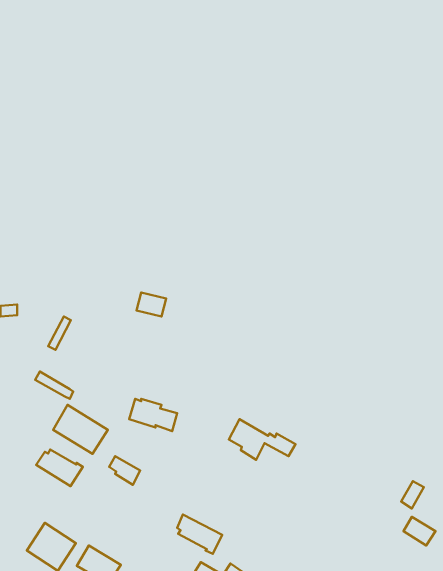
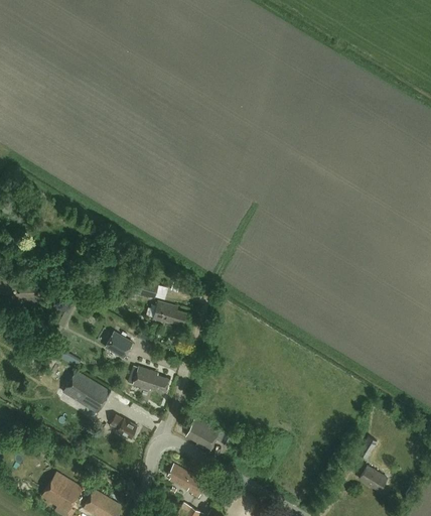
building: none -> [153,302,185,324]
building: none -> [105,331,133,359]
building: [229,419,296,460] -> [186,419,243,454]
building: [36,449,83,486] -> none

